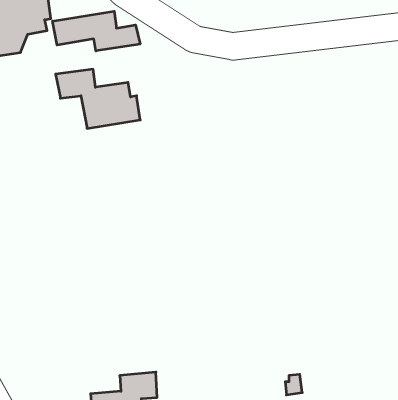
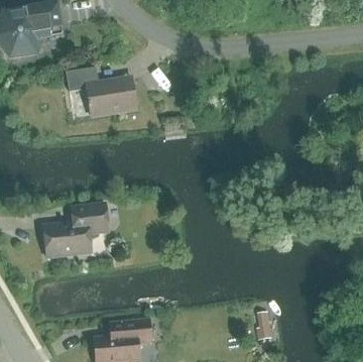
building: [53,11,140,51] -> none
building: none -> [43,203,109,257]

